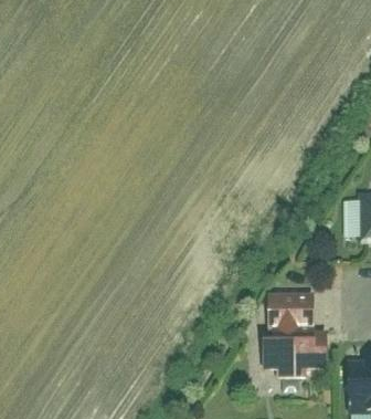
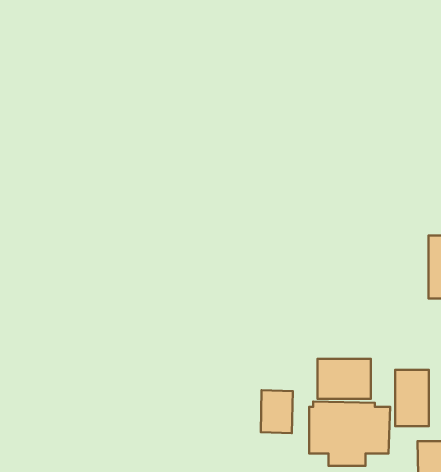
building: none -> [395,370,429,426]
building: none -> [261,390,293,433]

